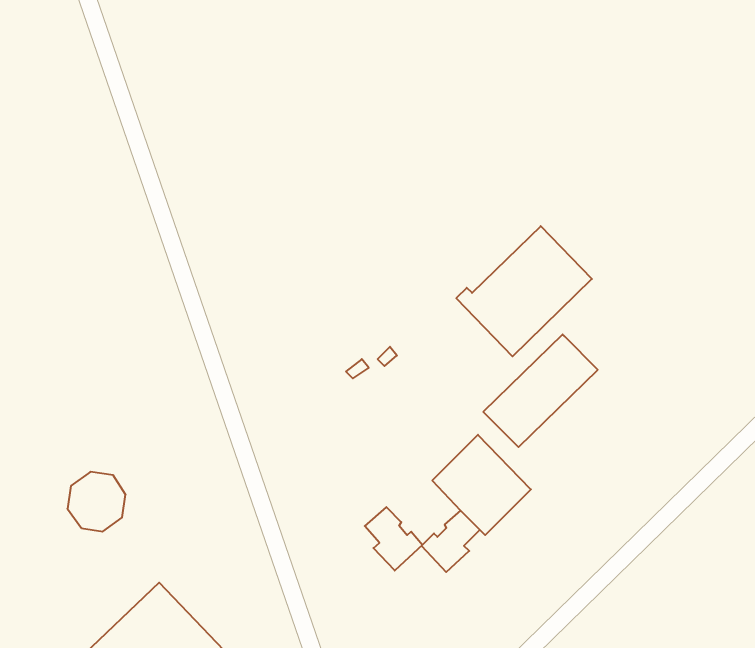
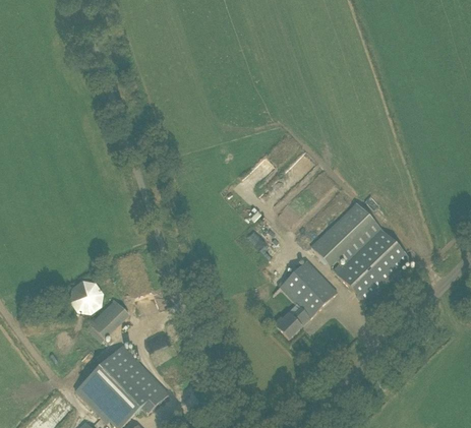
building: [456,226,592,356] -> [334,229,412,304]
building: none -> [86,298,128,341]
building: [365,507,423,571] -> none

